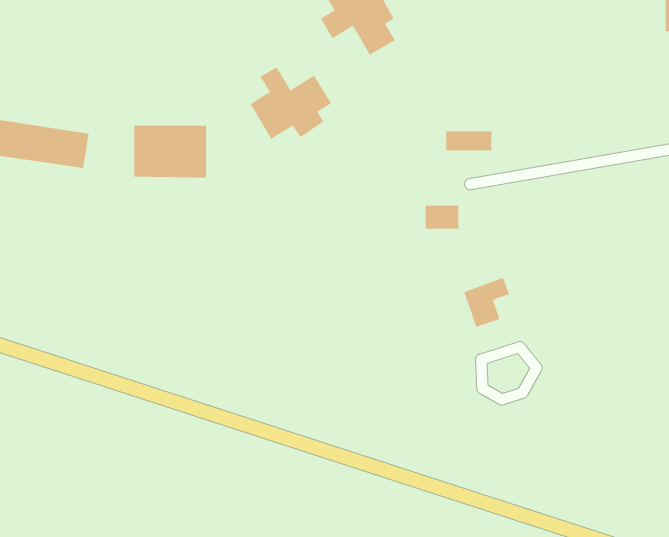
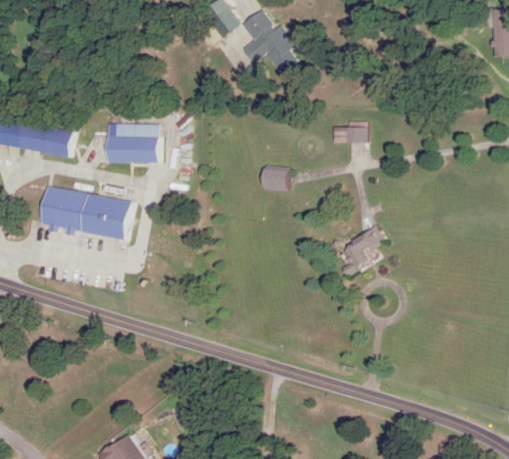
building: [250,66,332,140] -> none
building: [425,205,459,230] -> [264,169,289,187]
building: none -> [41,188,134,237]

